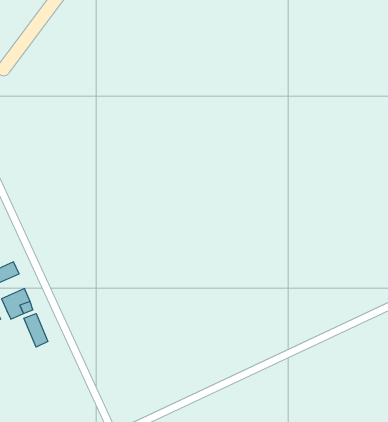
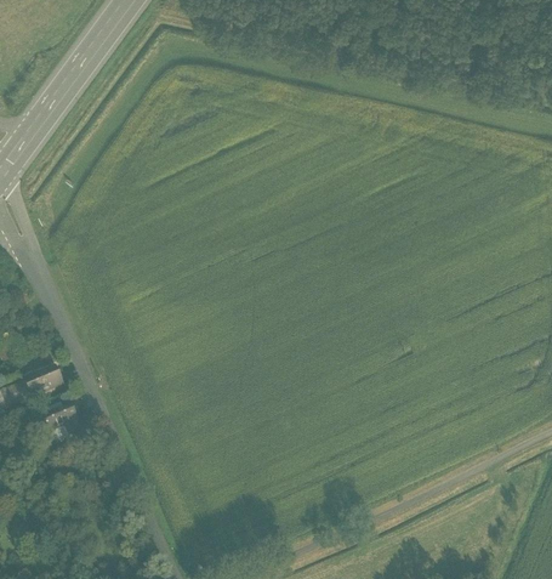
building: [24,314,48,347] -> none

